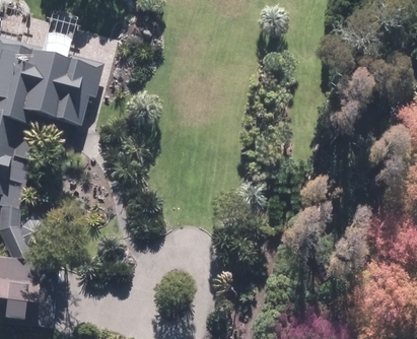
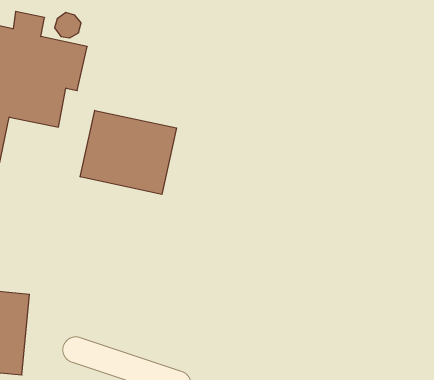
building: none -> [80,110,176,194]

